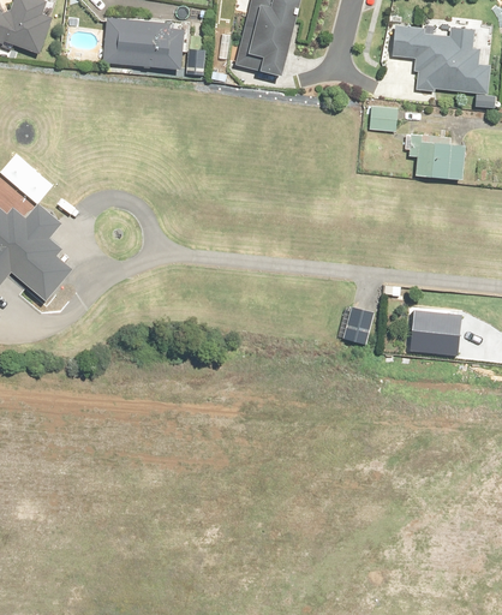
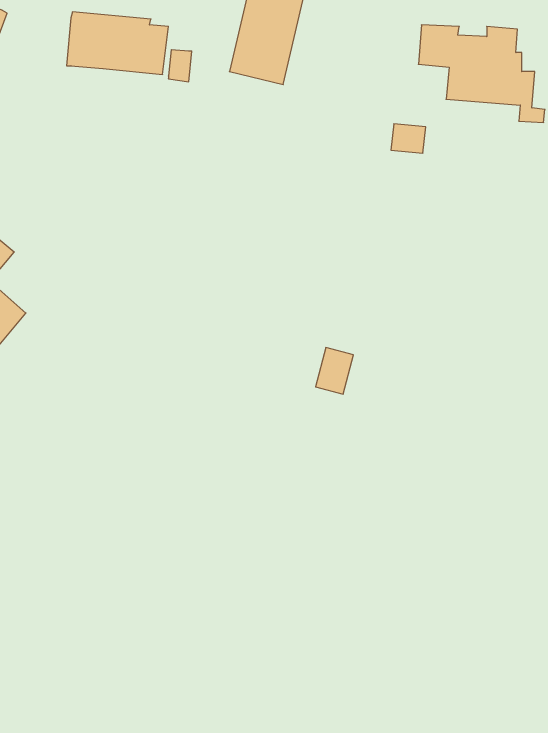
building: [405,133,467,179] -> none
building: [342,308,373,346] -> [316,348,353,394]
building: [411,312,461,356] -> none

